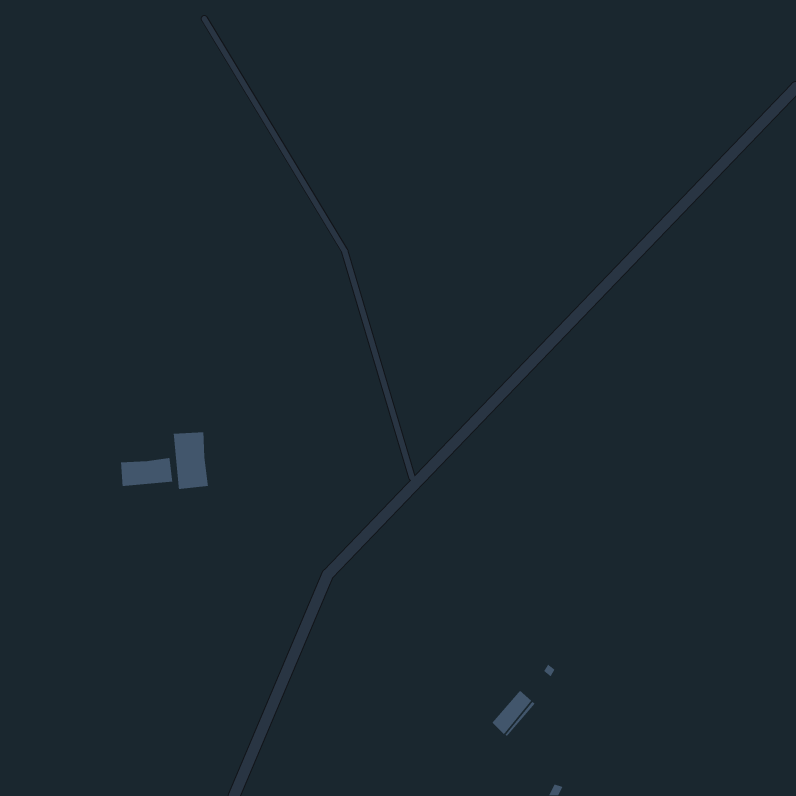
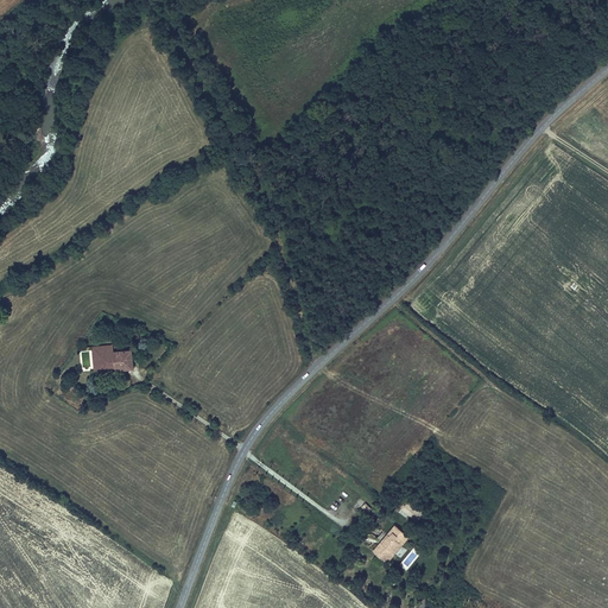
building: [173,431,209,490] -> none

